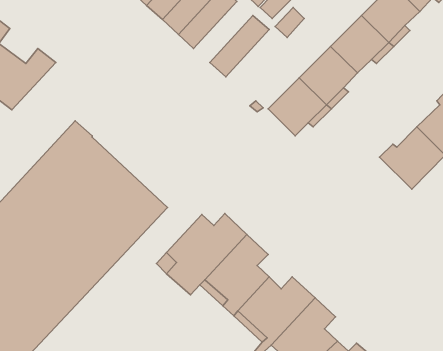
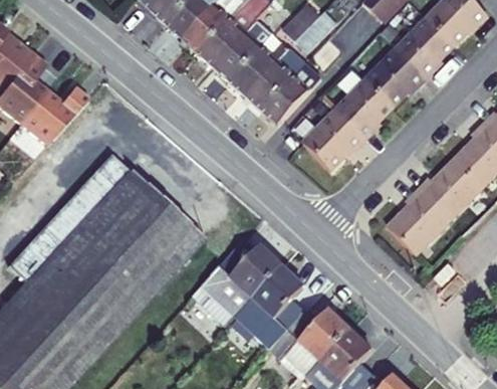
building: none -> [229,41,288,95]
building: none -> [261,62,321,126]
building: none -> [387,190,447,253]

